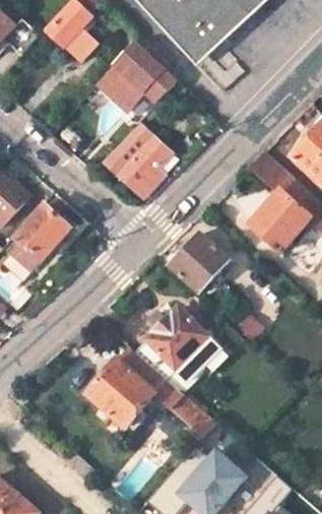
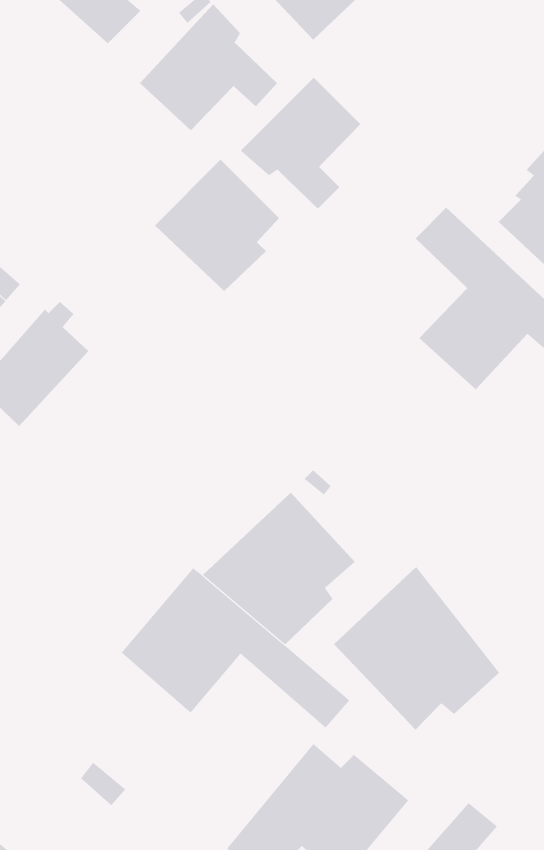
building: none -> [240,77,361,209]
building: [169,234,248,297] -> none
building: none -> [333,566,500,730]

